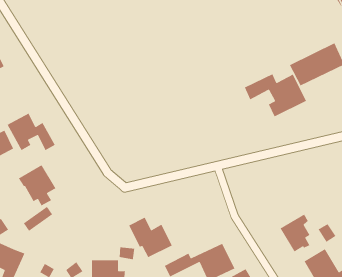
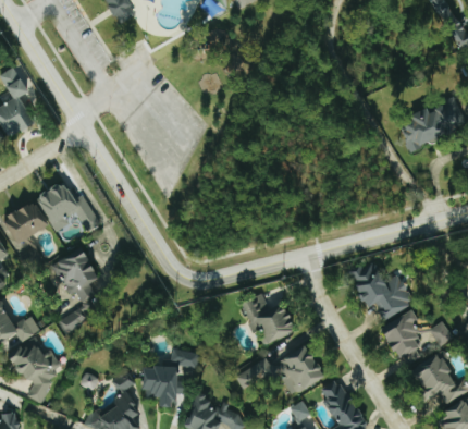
building: [244,73,307,118] -> none
building: none -> [349,261,414,321]
building: [128,217,173,258] -> [241,294,297,346]

